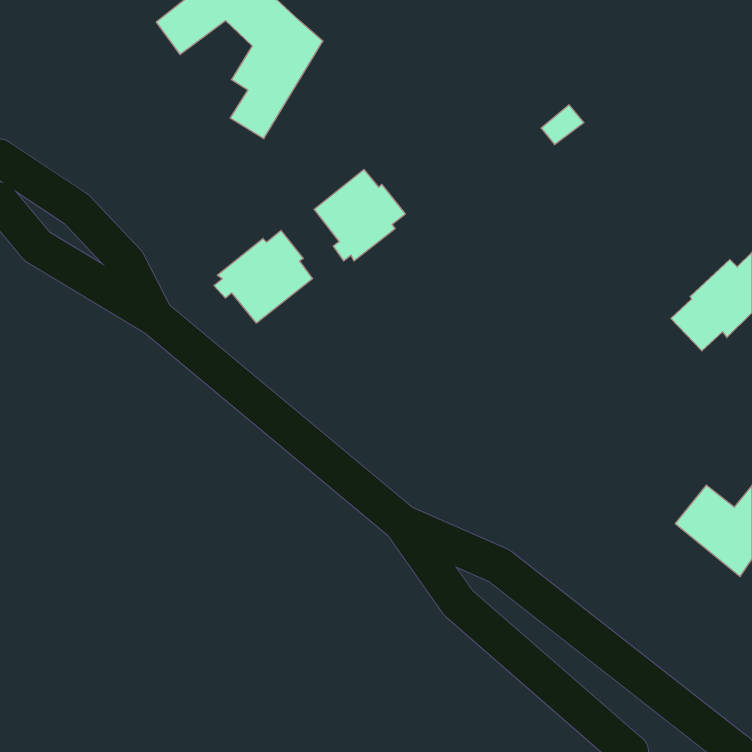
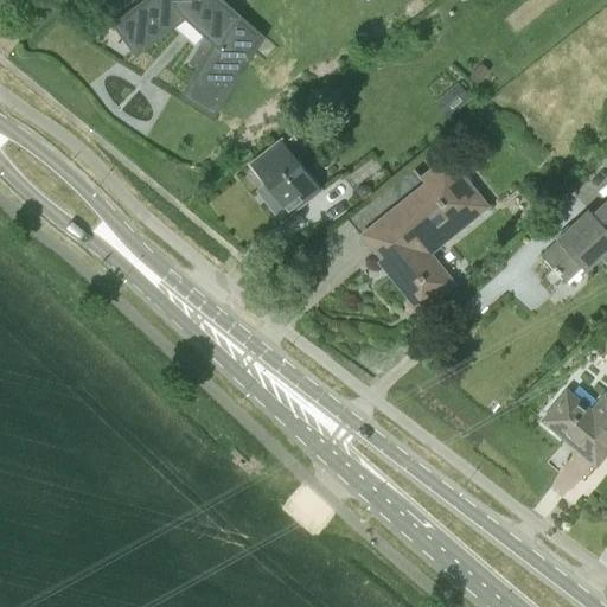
building: none -> [354,154,490,306]
building: [214,230,313,323] -> none

